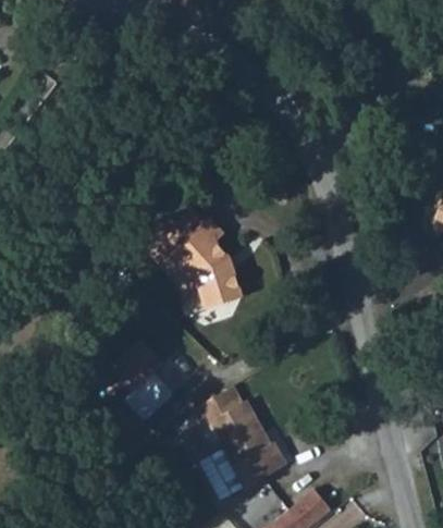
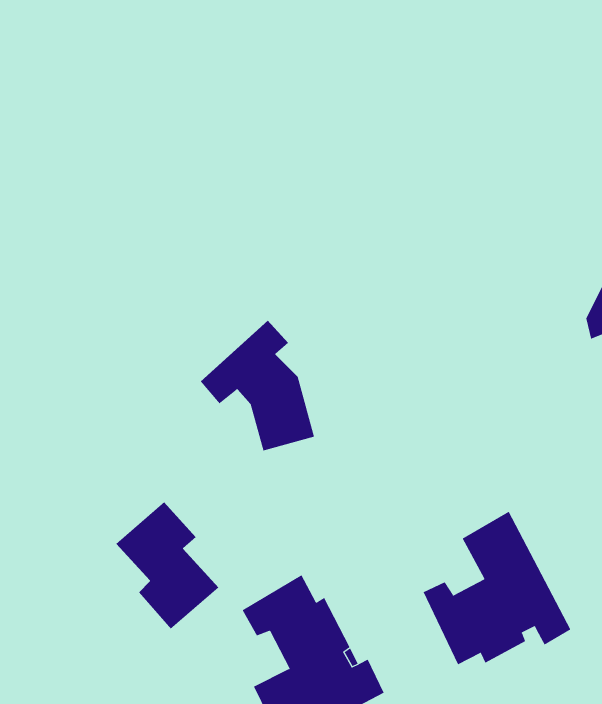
building: none -> [423,511,571,665]

